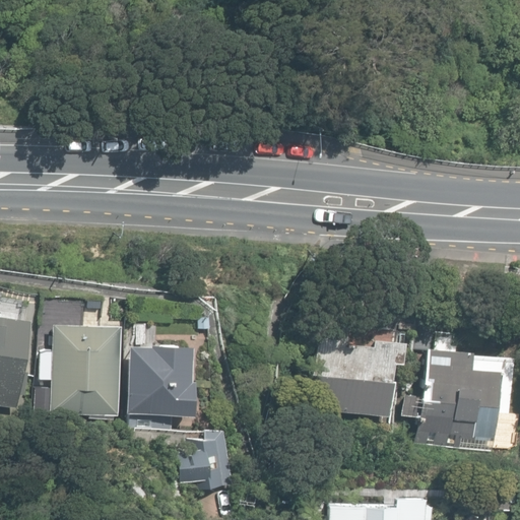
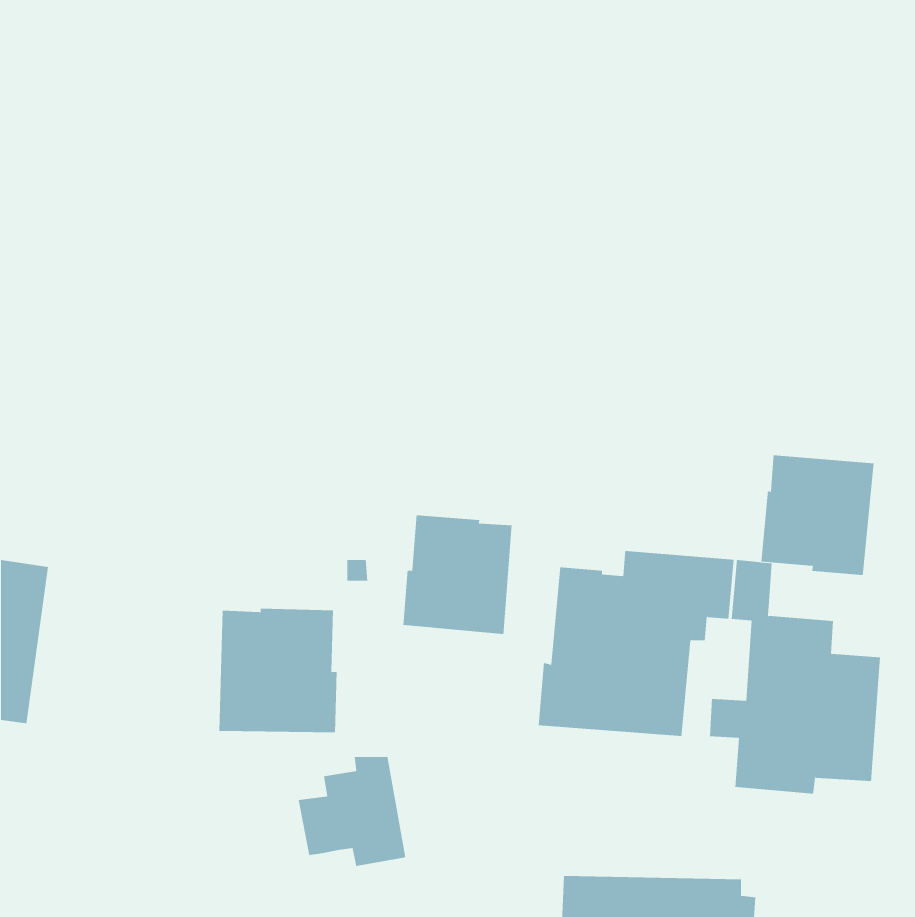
building: none -> [761,454,874,576]
building: none -> [403,514,512,635]
building: [41,326,122,420] -> none

